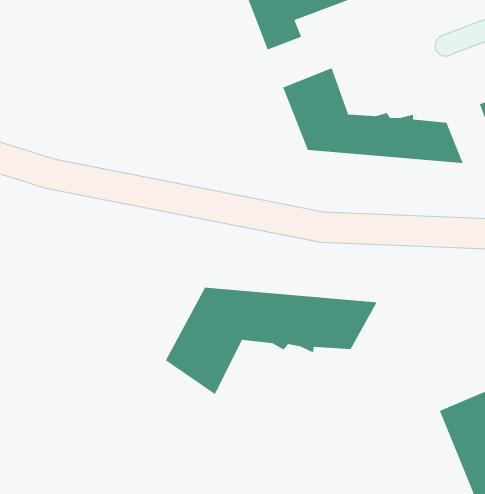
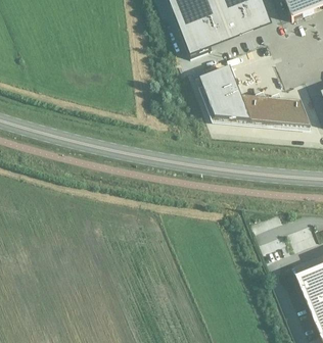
building: [165,287,378,395] -> none

